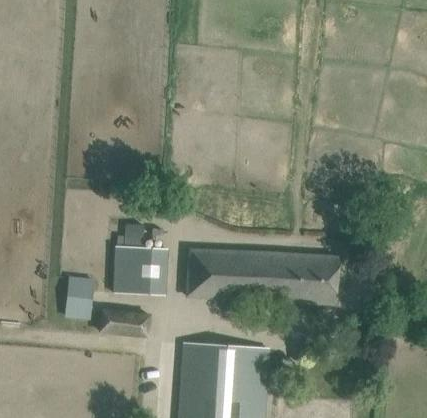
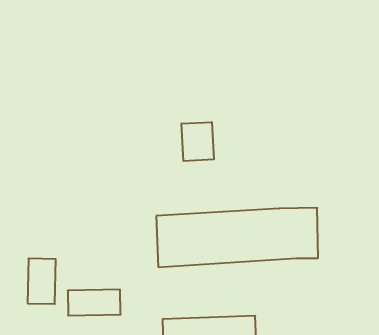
building: none -> [181,122,214,161]
building: [115,222,168,296] -> none

